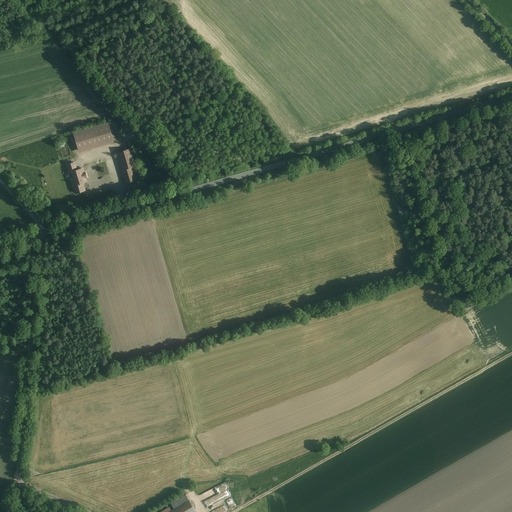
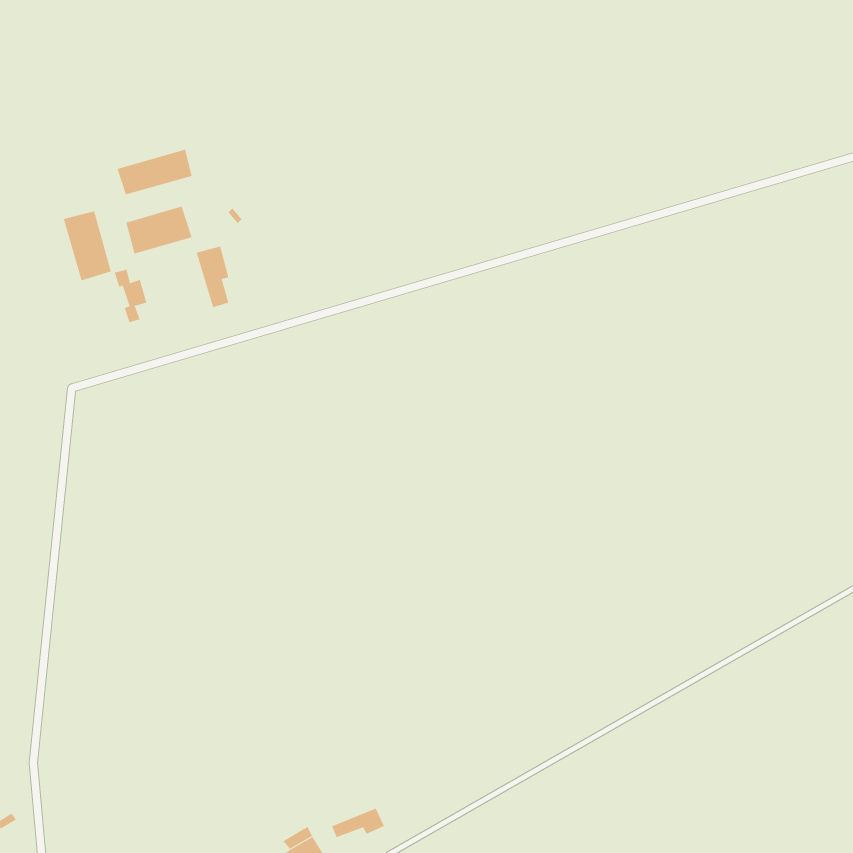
building: none -> [117,149,192,195]
building: none -> [63,211,112,281]

